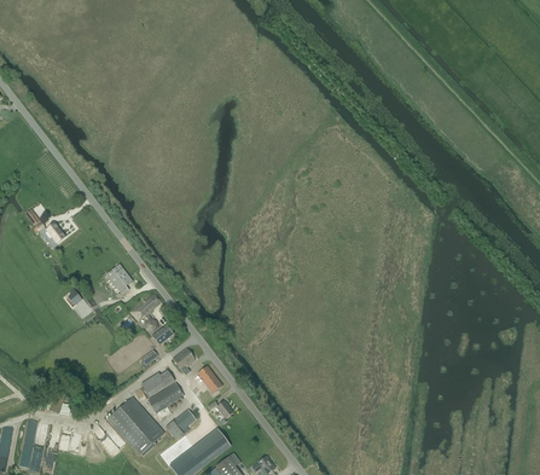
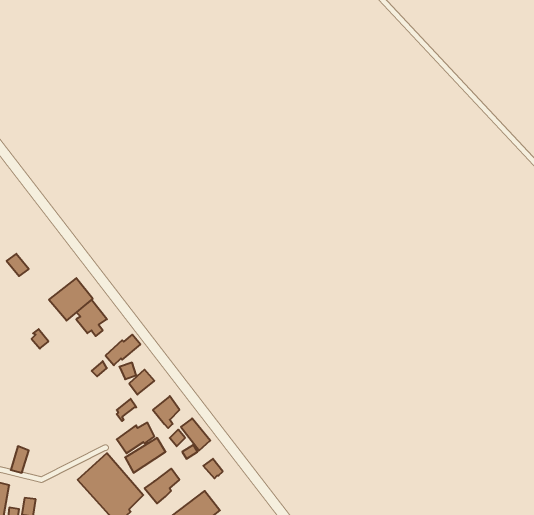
building: none -> [49,278,93,321]

